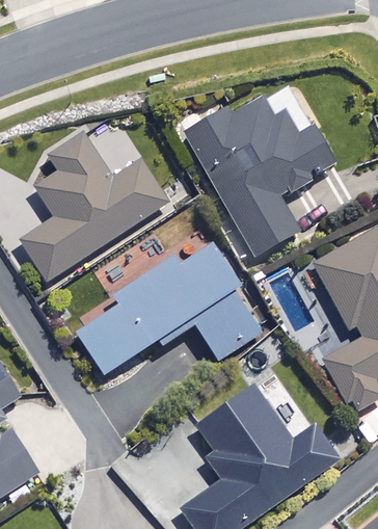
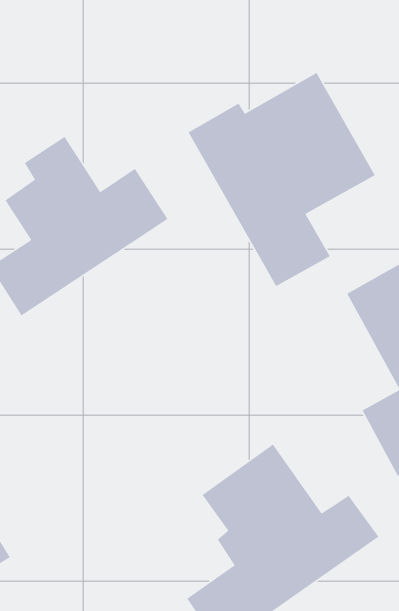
building: [77,235,262,373] -> none

